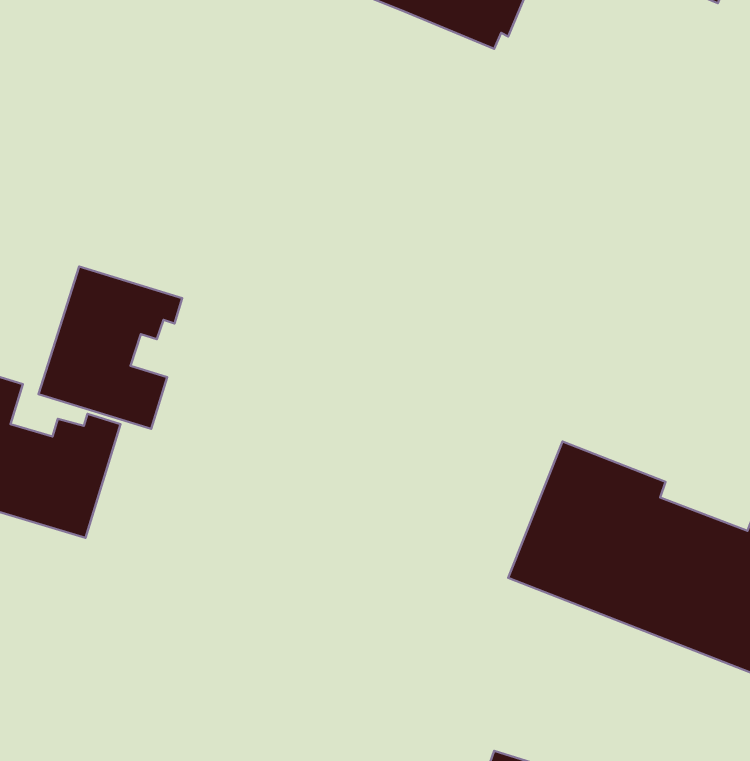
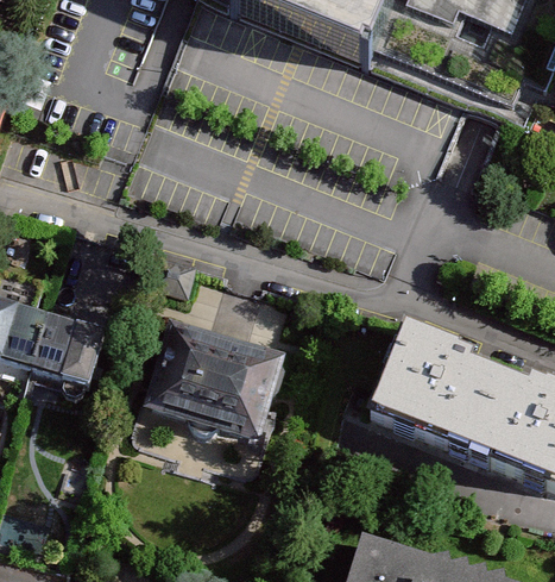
building: [38,266,182,429] -> none
building: none -> [140,321,285,446]

